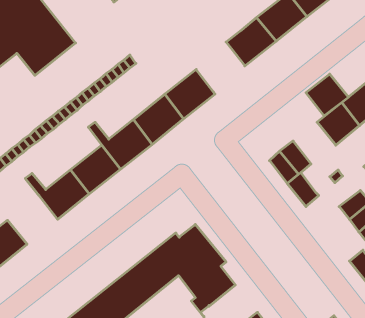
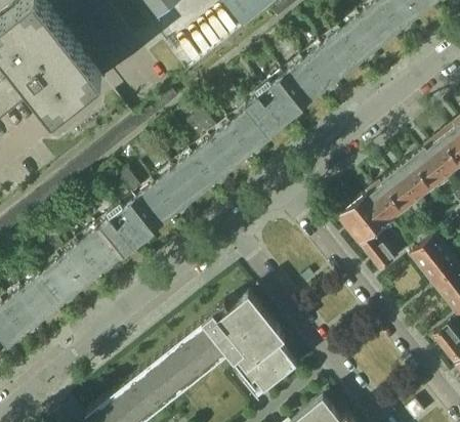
building: none -> [248,75,308,134]
building: [306,74,349,116] -> [367,171,418,221]
building: none -> [410,238,448,272]
building: none -> [23,259,83,318]

